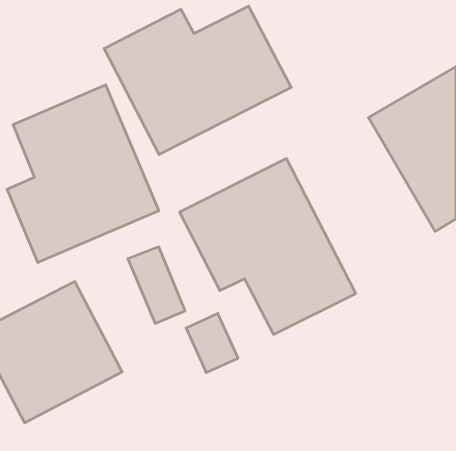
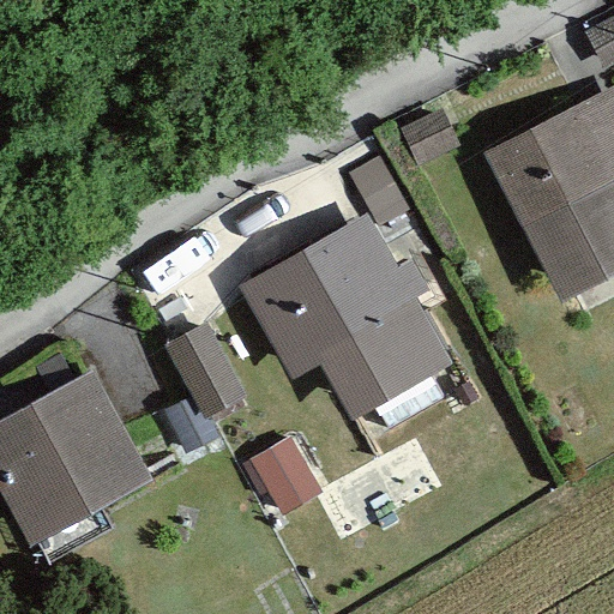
building: [104,6,291,155] -> none
building: [7,85,159,263] -> none

